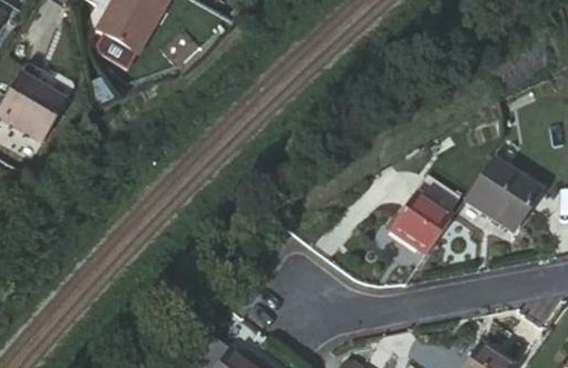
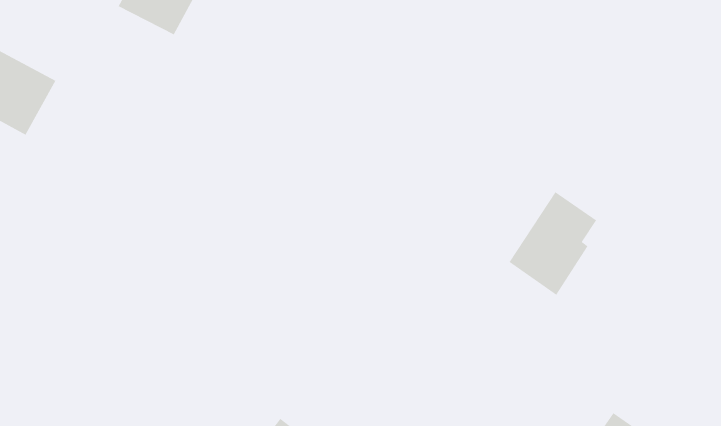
building: [471,156,545,228] -> none

